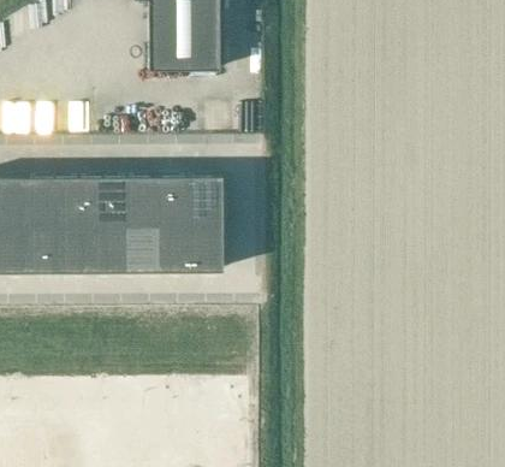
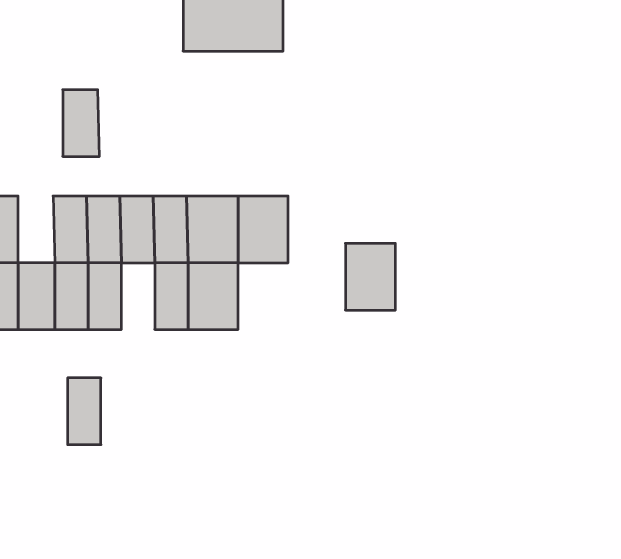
building: [28,177,54,225] -> [63,90,99,156]
building: [102,225,126,273] -> [68,378,101,445]
building: [186,225,222,273] -> [345,243,395,310]

